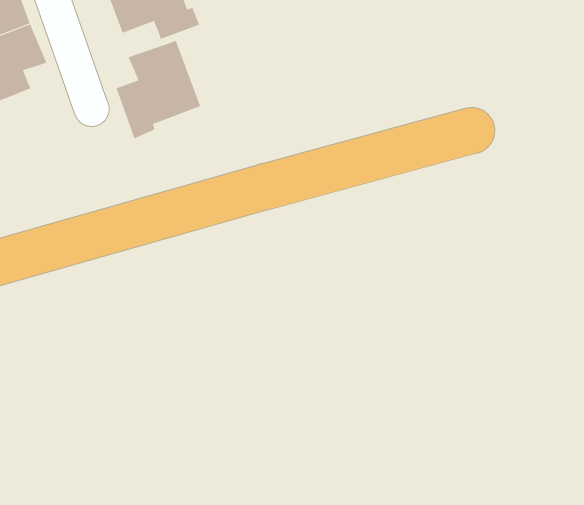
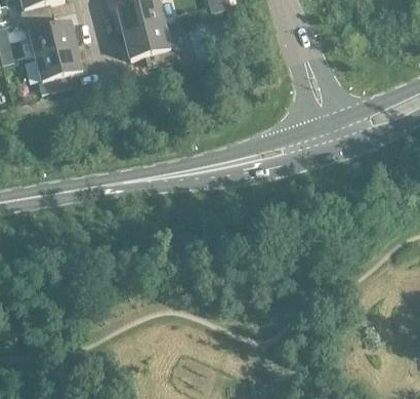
building: [116,40,201,139] -> none

